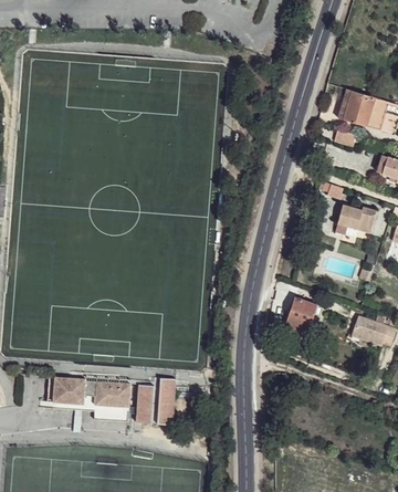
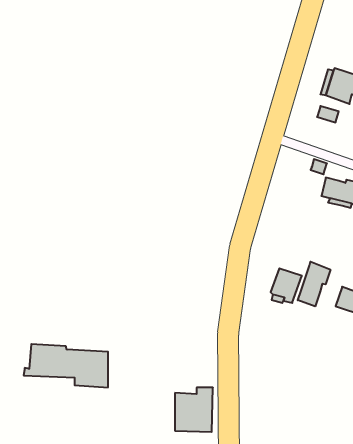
building: none -> [298,262,330,306]
building: [136,376,175,421] -> [175,388,213,432]

